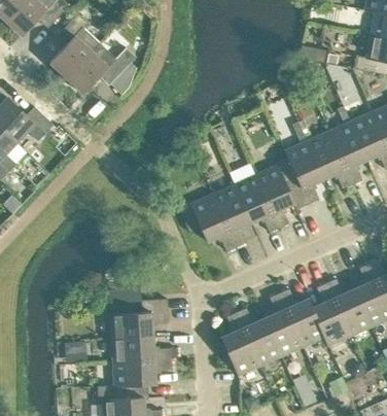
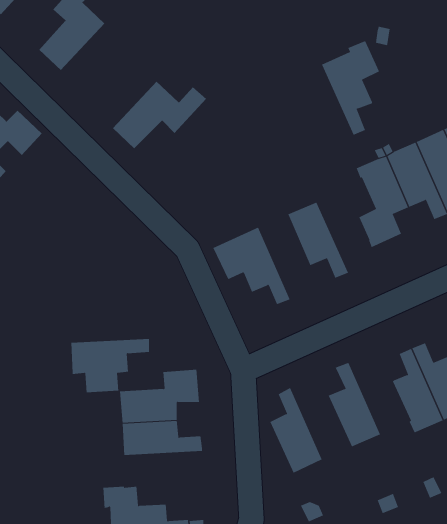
building: [66,43,136,94] -> [112,81,207,149]
building: [255,158,298,228] -> [321,41,380,136]
building: [212,184,250,247] -> none
building: [279,289,324,347] -> none
building: [236,308,281,366] -> none
building: [112,359,171,400] -> [70,338,150,393]

